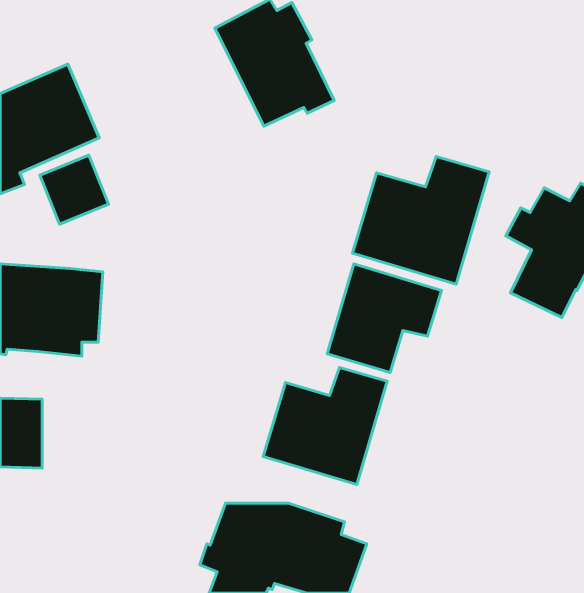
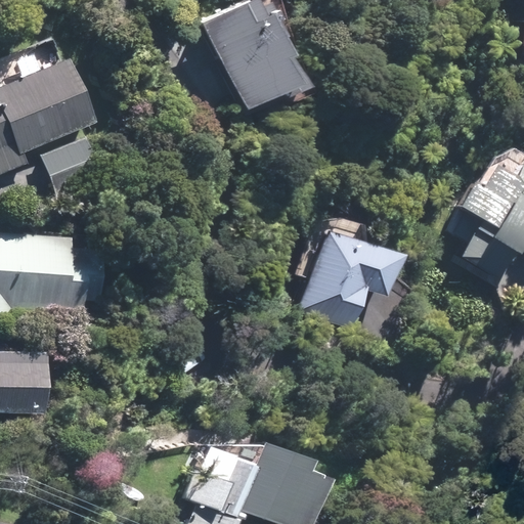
building: [352,157,489,284] -> none
building: [263,367,387,485] -> none

